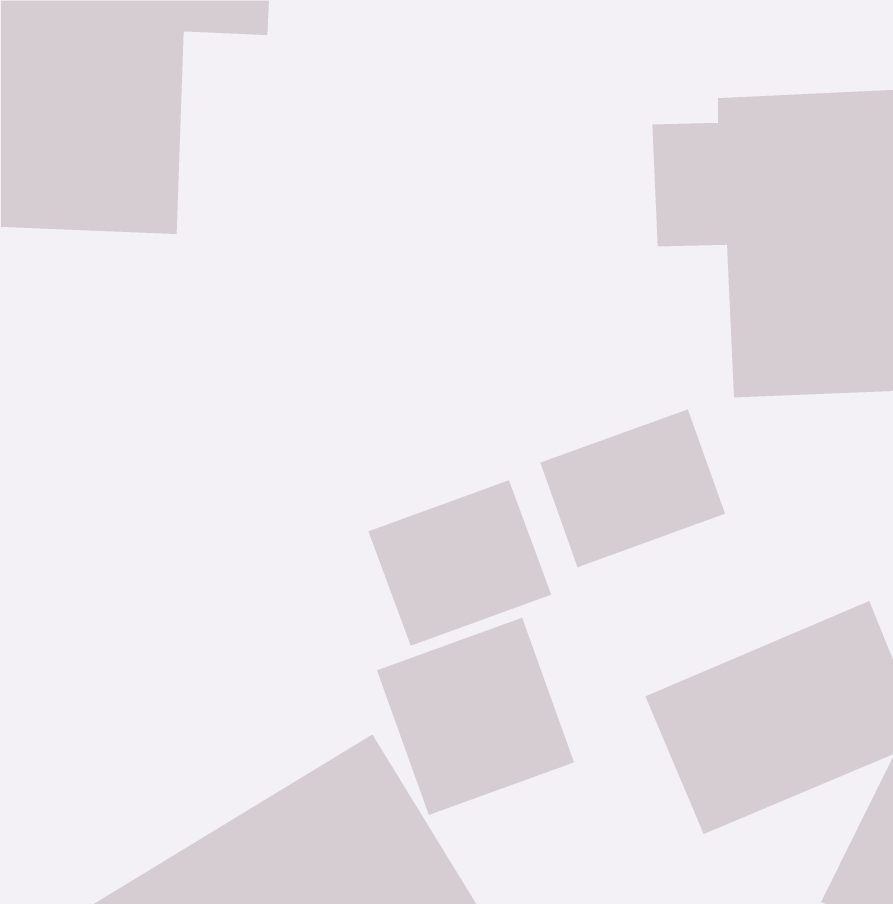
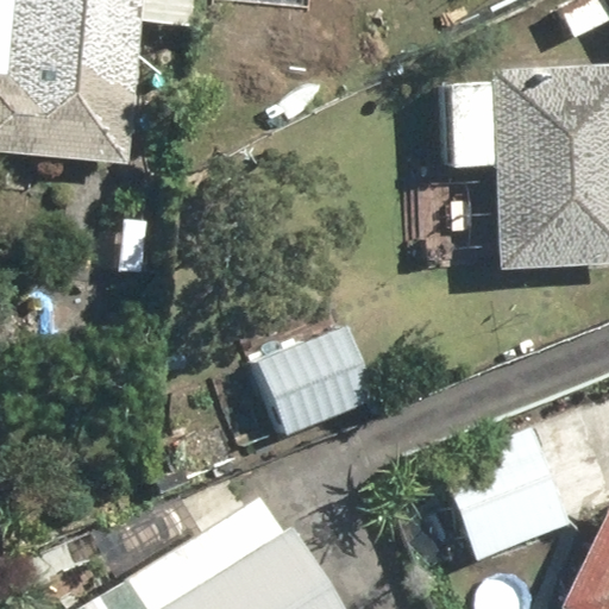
building: [540,408,726,568] -> none
building: [376,617,575,816] -> none

